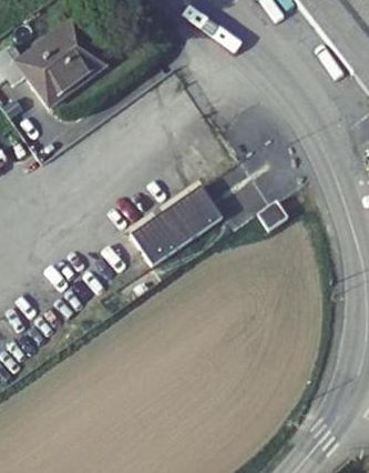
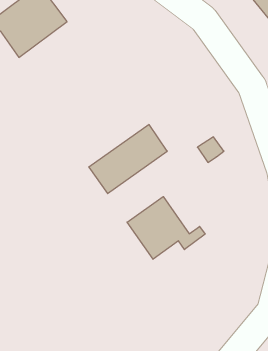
building: none -> [127,197,205,259]

